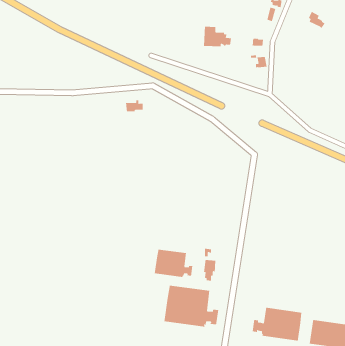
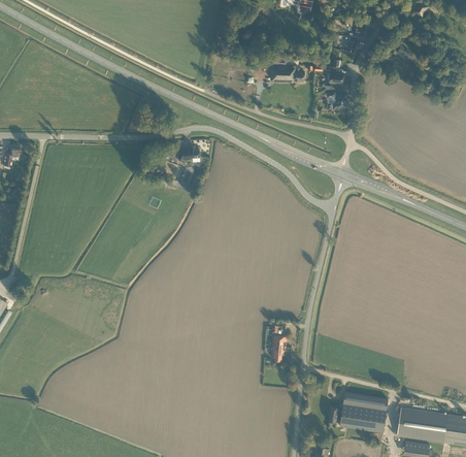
building: [154,249,193,278] -> none
building: [164,285,219,328] -> none

